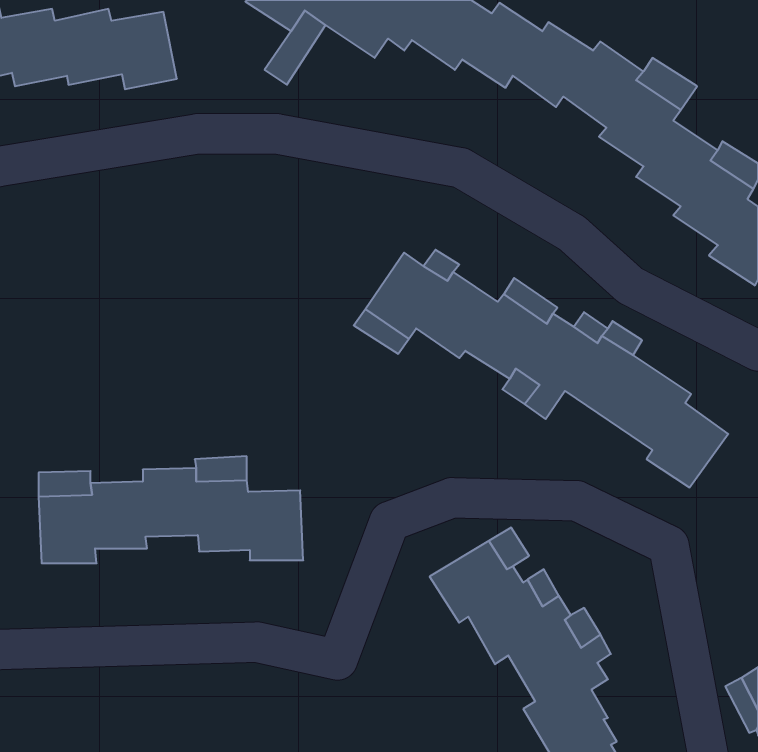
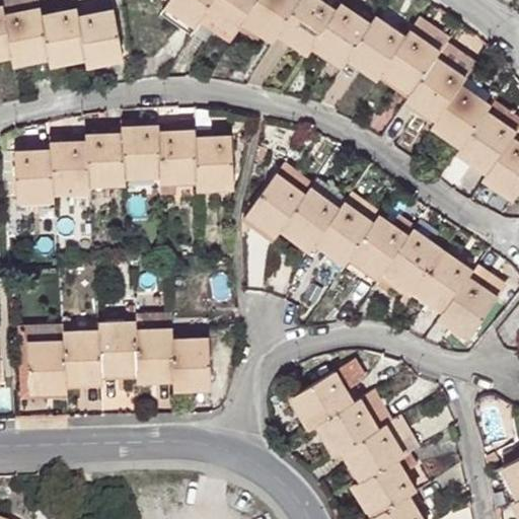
building: none -> [13,124,230,202]

